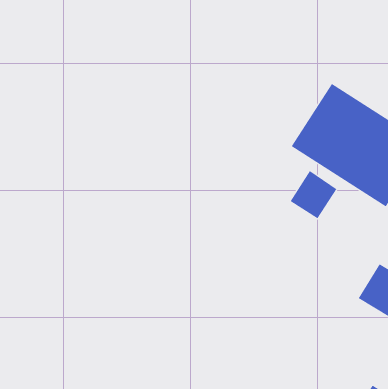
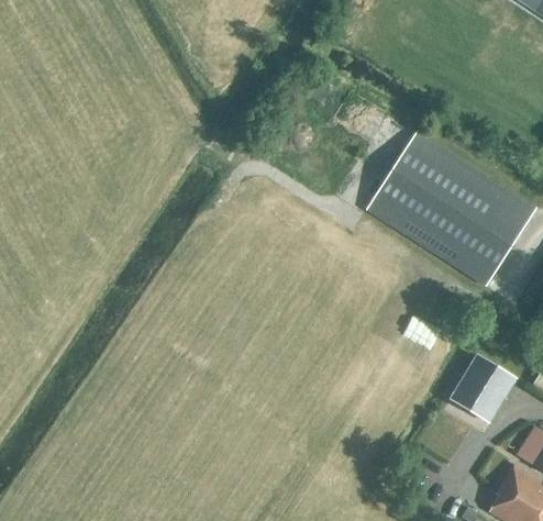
building: [290,170,337,219] -> none

